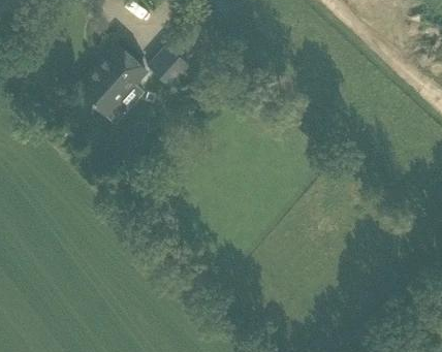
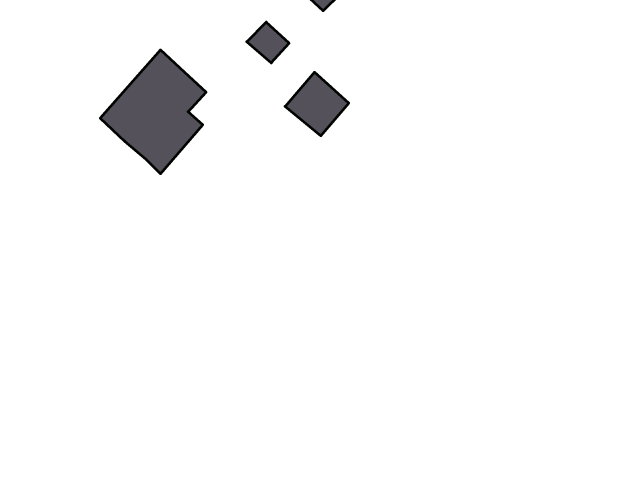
building: [150,45,190,86] -> [285,72,349,136]

